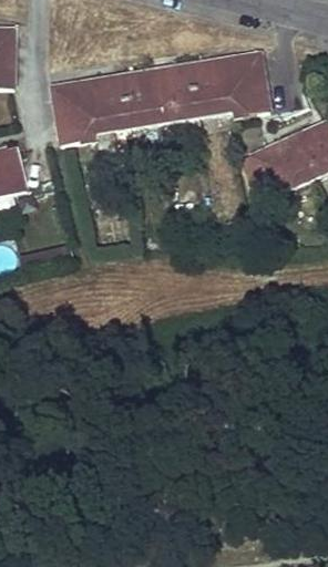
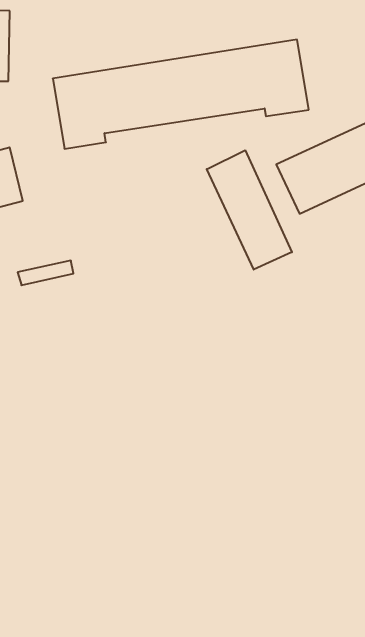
building: none -> [207,150,292,270]

